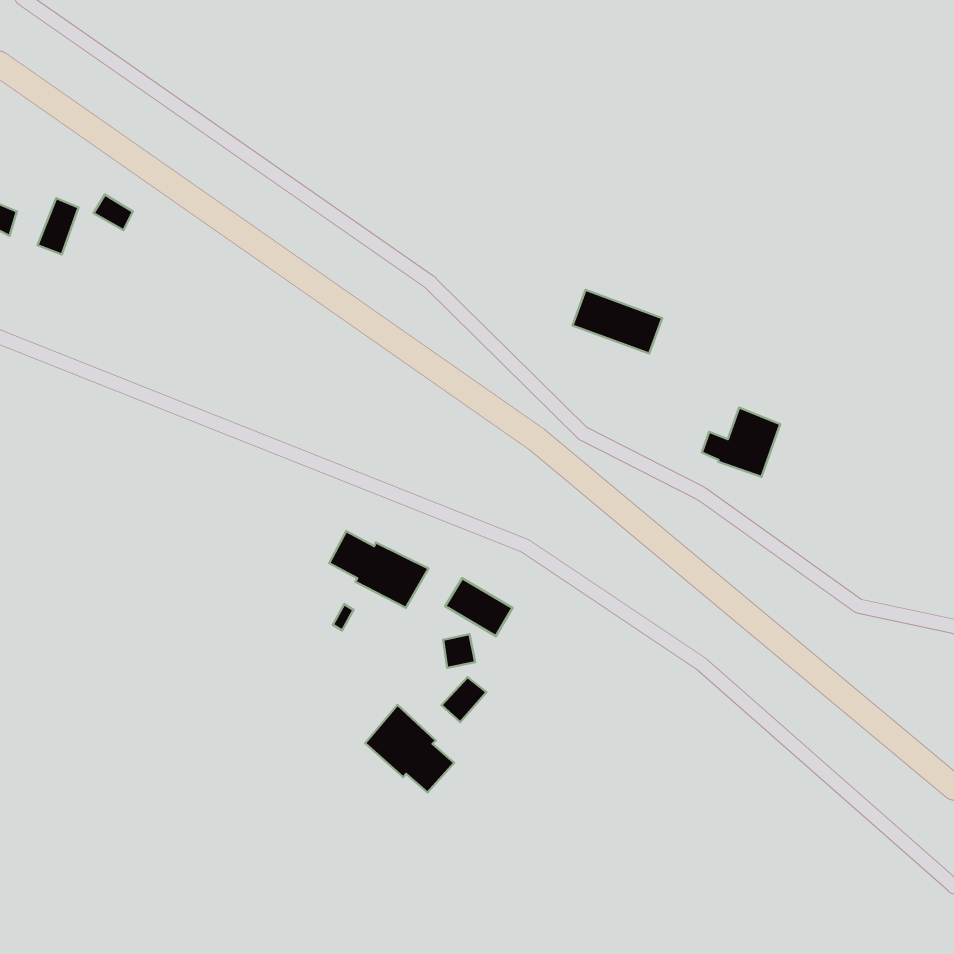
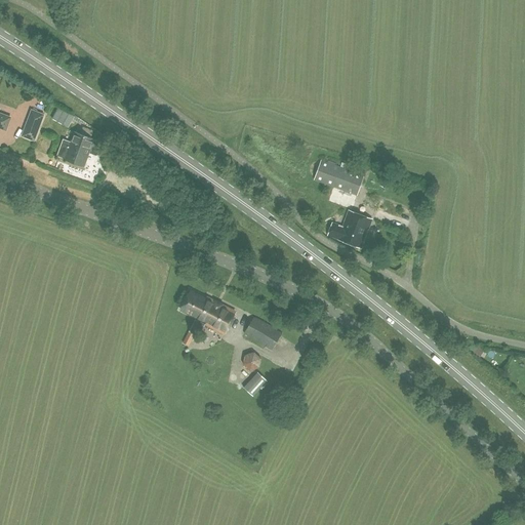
building: none -> [56,127,98,165]
building: [702,407,780,477] -> [328,209,371,247]
building: [365,705,454,792] -> none

